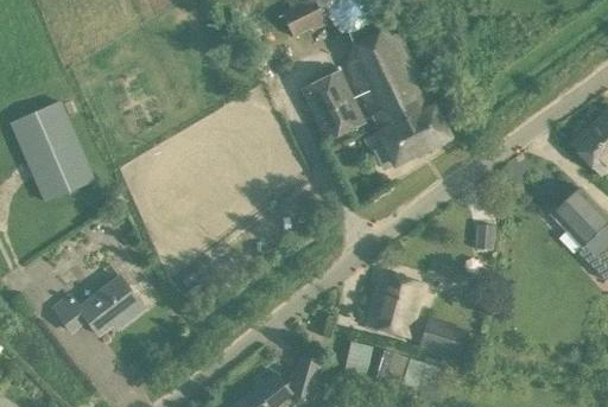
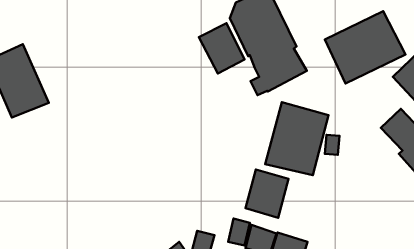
building: none -> [325,11,406,83]
building: none -> [265,102,329,175]
building: [53,276,145,335] -> none
building: [420,318,469,360] -> none

